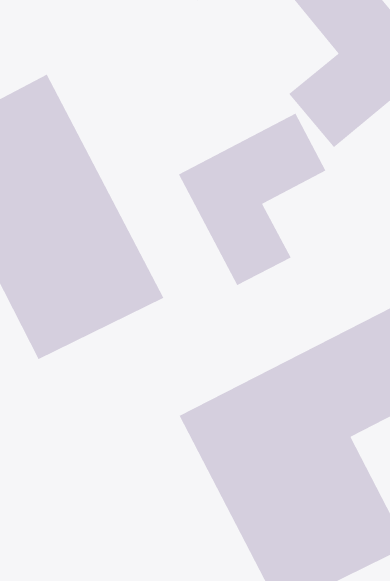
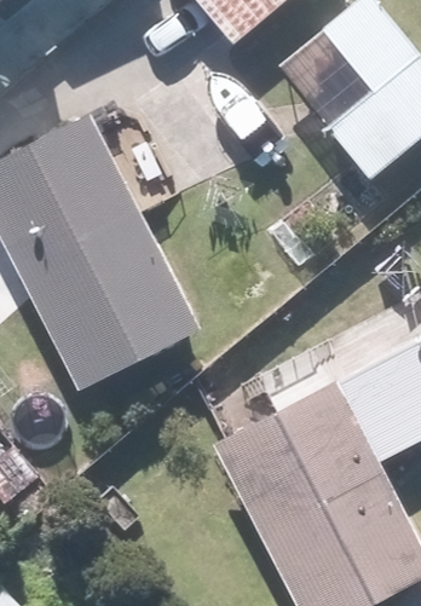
building: [178,112,326,286] -> none

